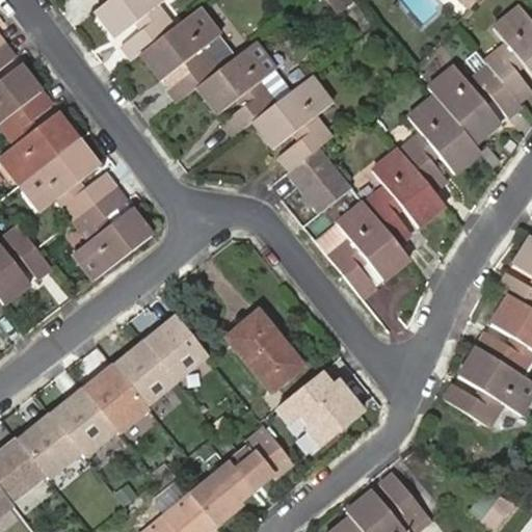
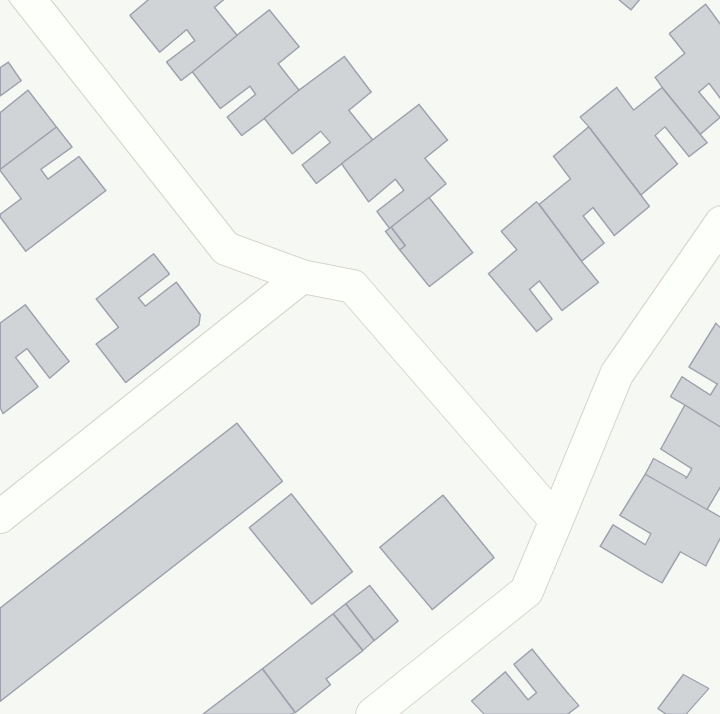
building: [20,140,114,220] -> none
building: [312,202,407,298] -> none
building: [230,310,305,391] -> [249,494,352,604]

